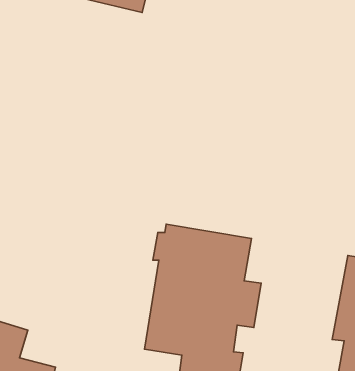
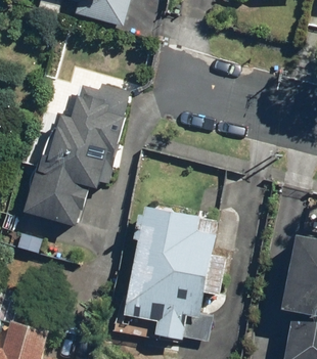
building: none -> [28,84,126,225]

